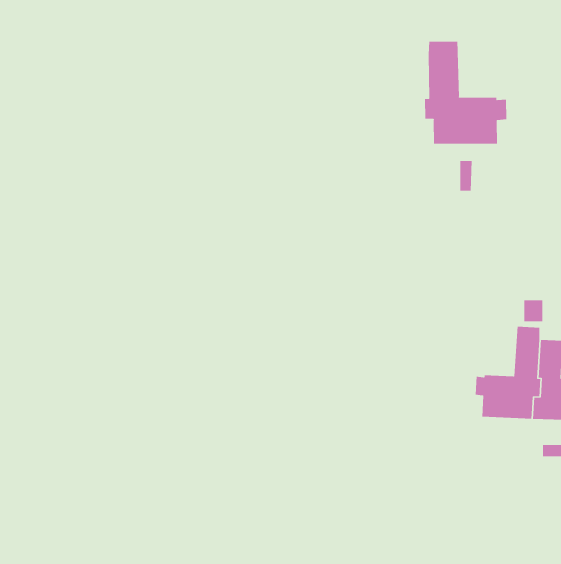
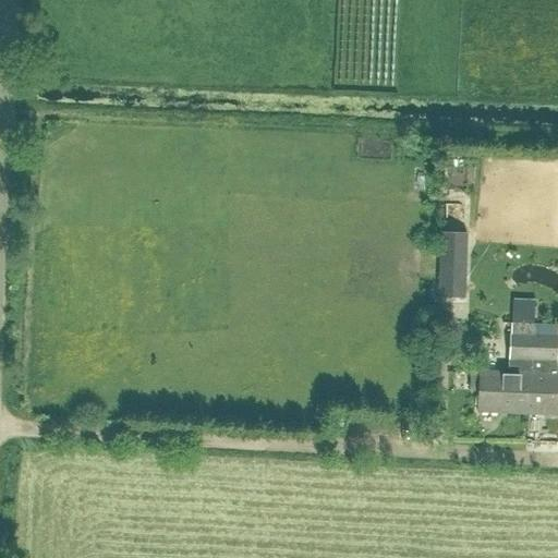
building: [425,41,507,144] -> none
building: none -> [440,231,461,298]

